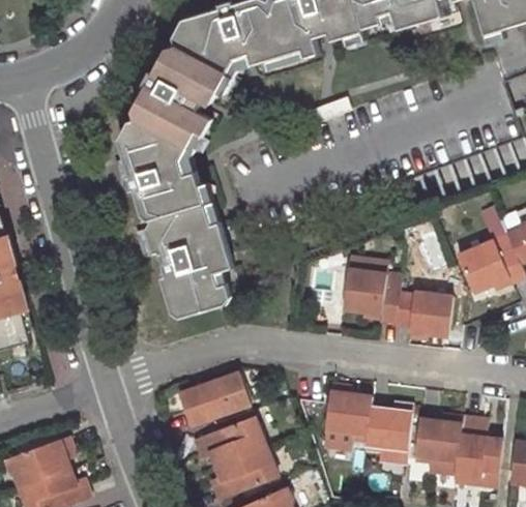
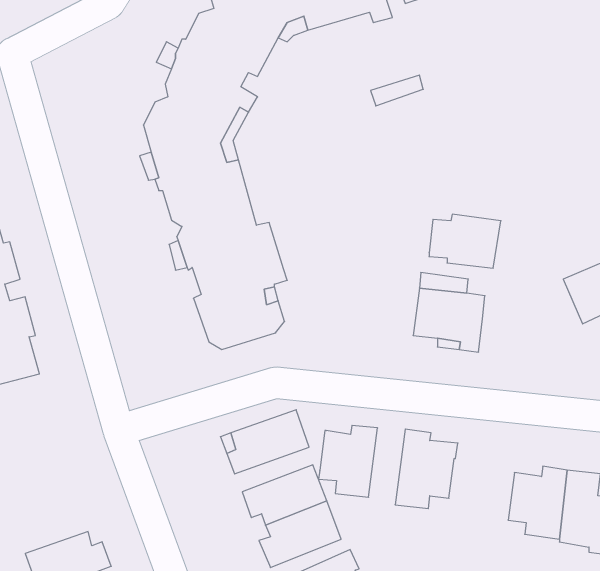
building: [388,292,446,335] -> [429,214,501,268]
building: [363,405,411,463] -> [318,425,378,497]
building: [9,436,79,485] -> none

